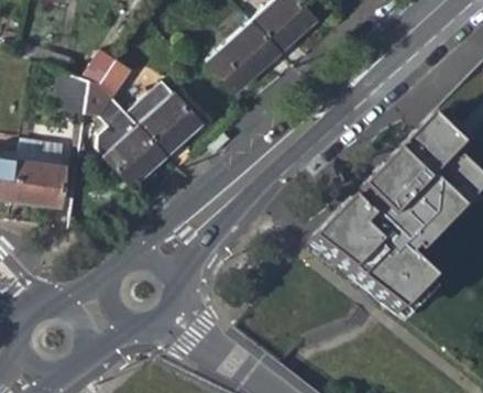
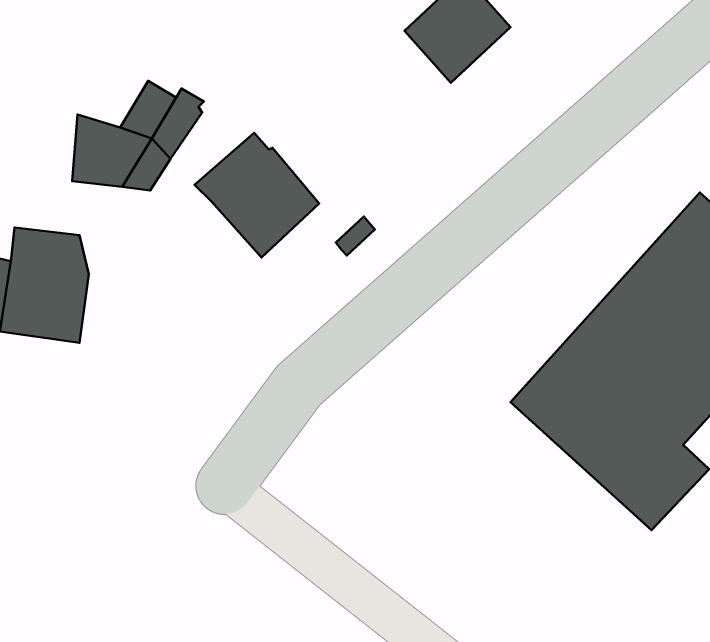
building: [209,20,282,92] -> none
building: [100,121,169,186] -> none

